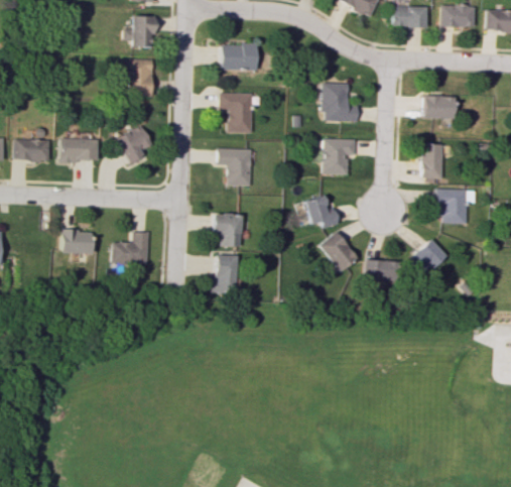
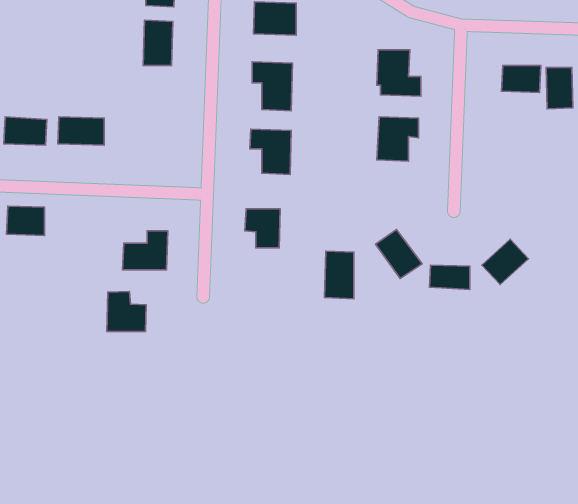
building: [116,126,150,162] -> none
building: [422,144,444,178] -> [546,67,573,109]
building: [437,189,476,224] -> none
building: [304,194,337,228] -> none
building: [59,230,91,254] -> [6,206,44,235]
building: [214,254,238,293] -> [324,251,354,299]
building: none -> [107,292,146,332]

